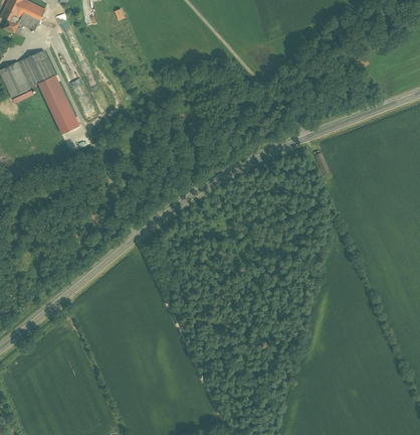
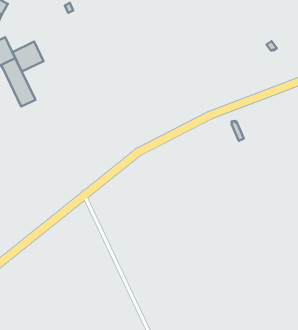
building: none -> [12,42,44,72]

